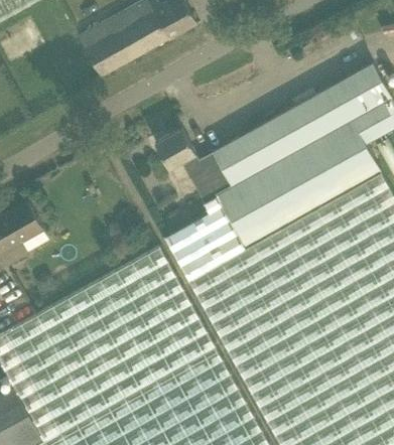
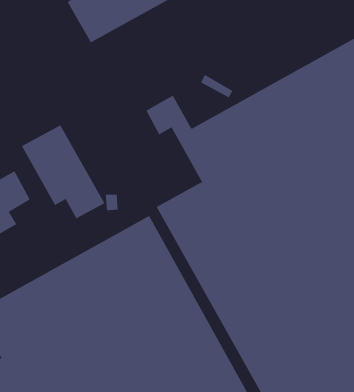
building: none -> [21,124,105,219]

